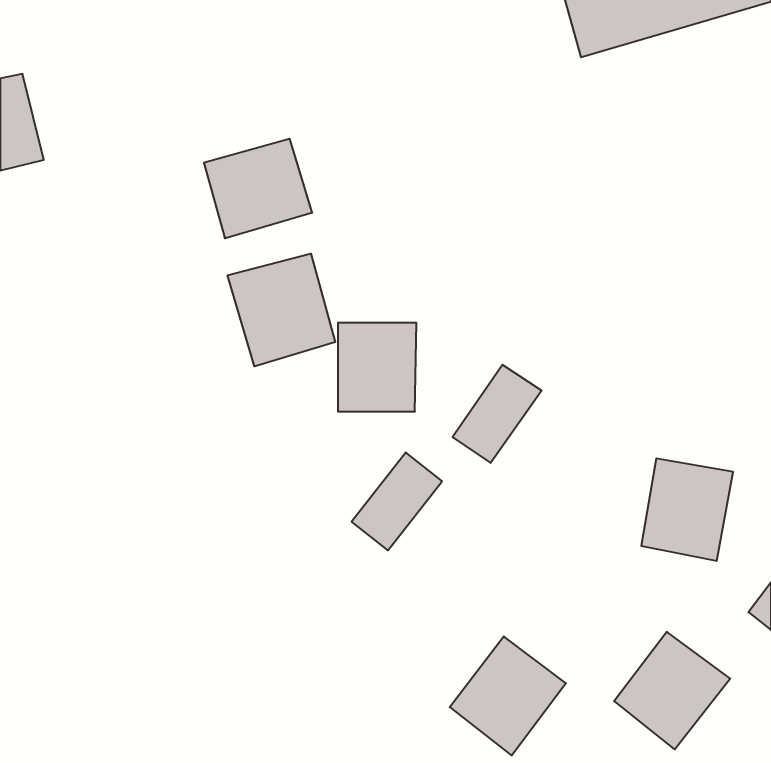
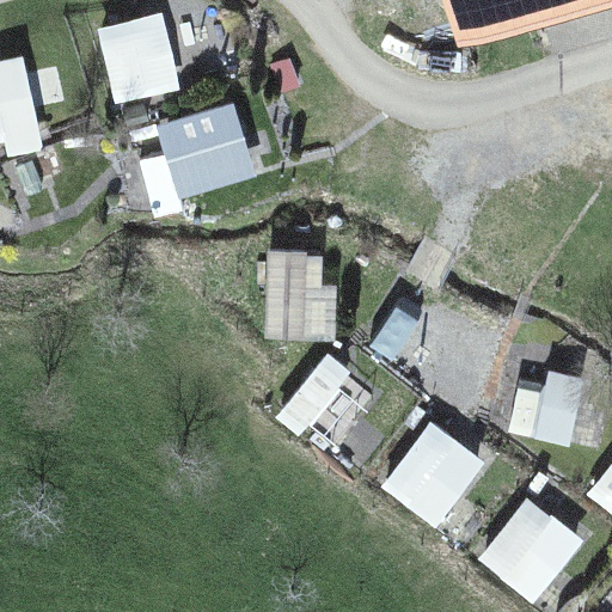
building: none -> [99,14,175,96]
building: [228,254,335,366] -> none
building: [450,636,566,755] -> [388,428,481,522]

